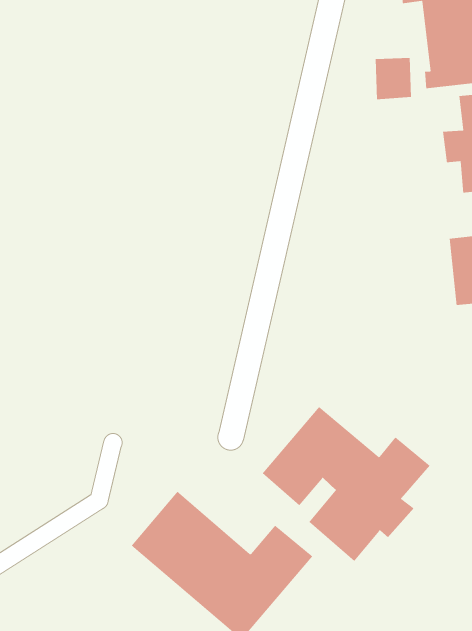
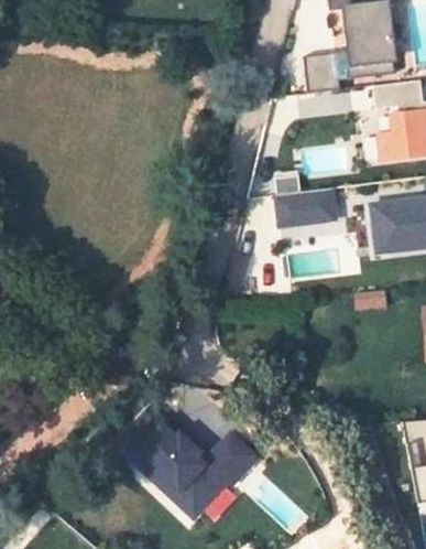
building: none -> [273,175,338,236]
building: [262,406,431,562] -> none

